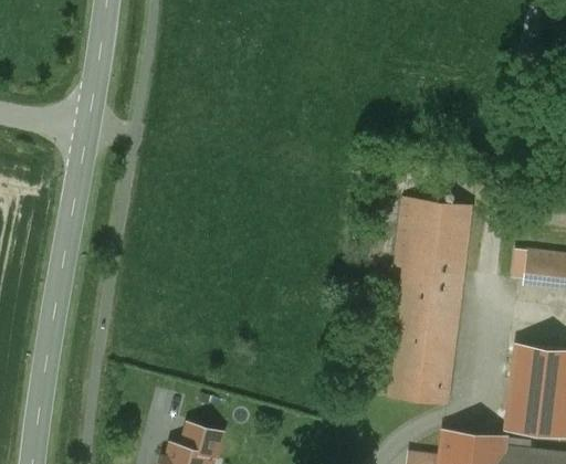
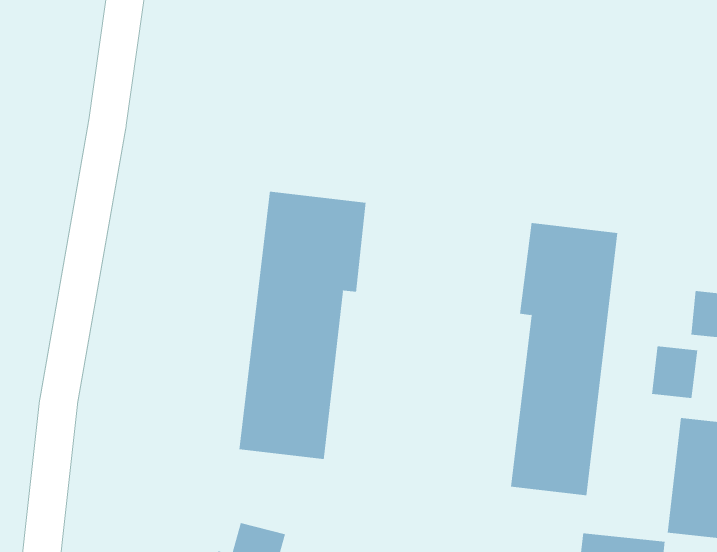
building: none -> [239,191,366,460]
building: none -> [651,345,698,399]

